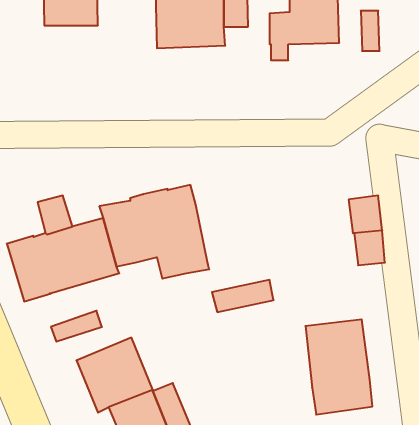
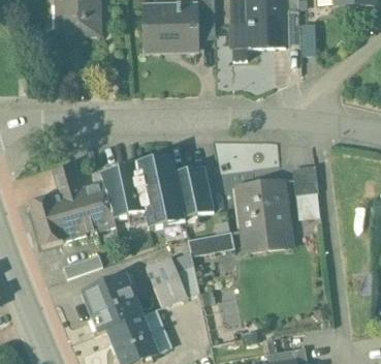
building: none -> [174,165,214,217]
building: none -> [146,256,199,307]
building: [305,319,372,415] -> [239,179,290,252]

